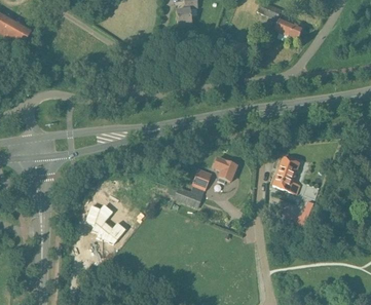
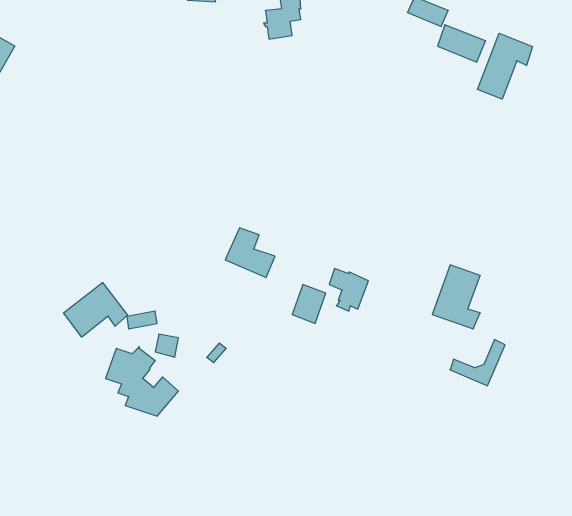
building: none -> [477,33,533,99]
building: none -> [63,283,127,337]
building: [171,175,199,203] -> [225,228,275,278]

